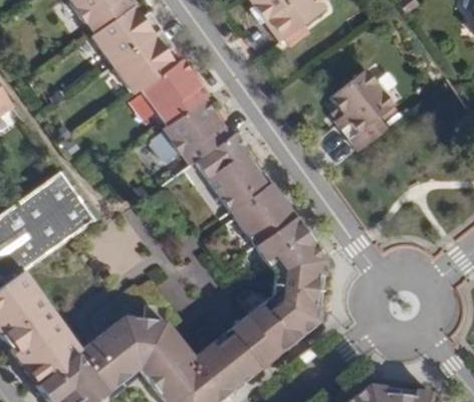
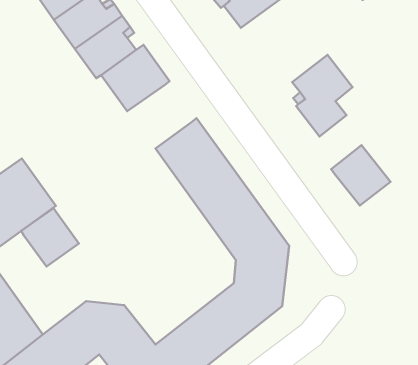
building: [151,98,230,165] -> none
building: none -> [331,145,390,206]
building: none -> [21,208,79,266]

